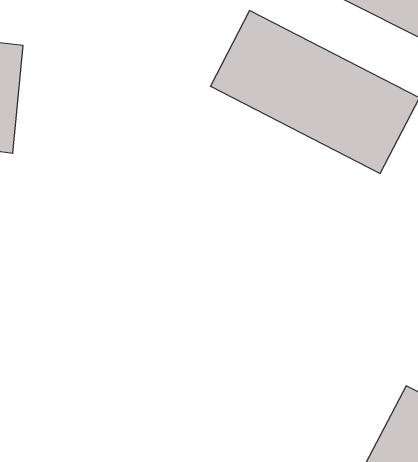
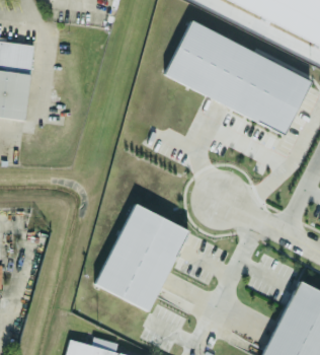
building: none -> [94,203,190,312]

